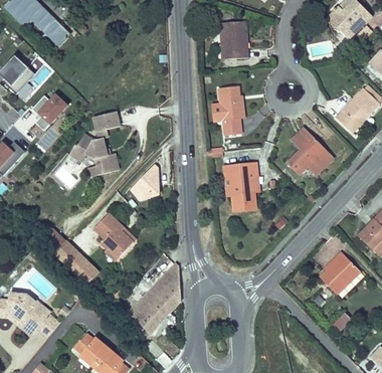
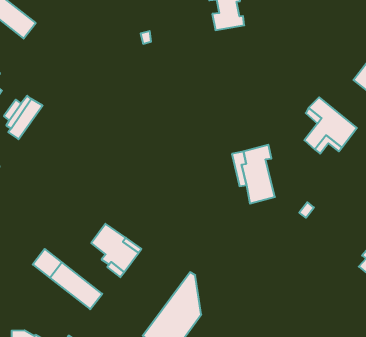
building: [218,85,241,135] -> none
building: [68,110,119,176] -> none
building: [131,164,160,199] -> none

